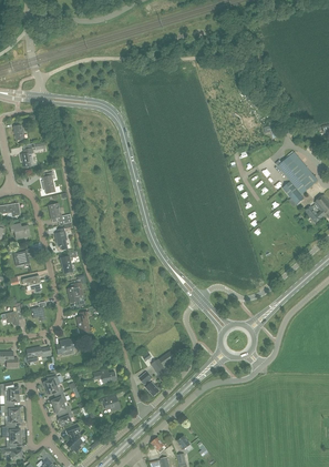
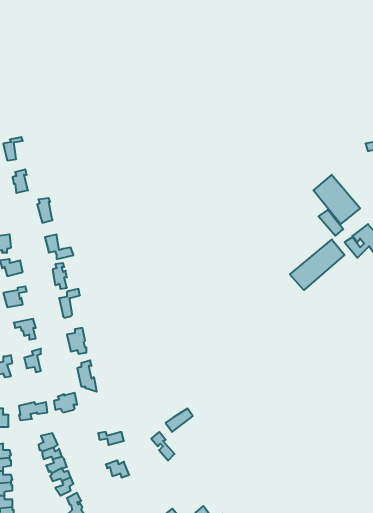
building: none -> [290,239,345,290]

